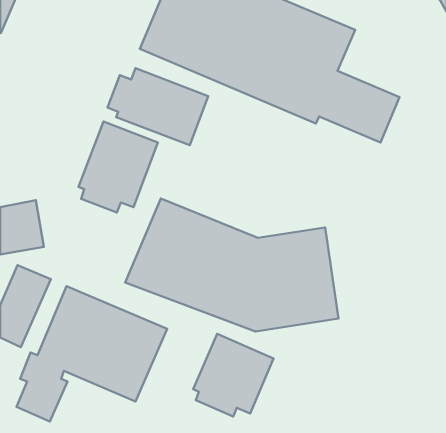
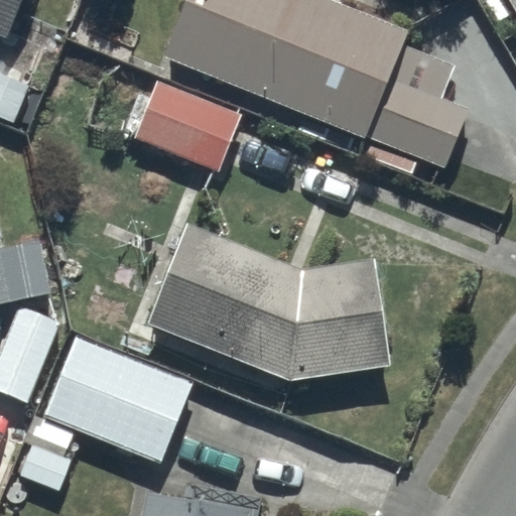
building: [79,121,158,213] -> none
building: [193,334,274,416] -> none

